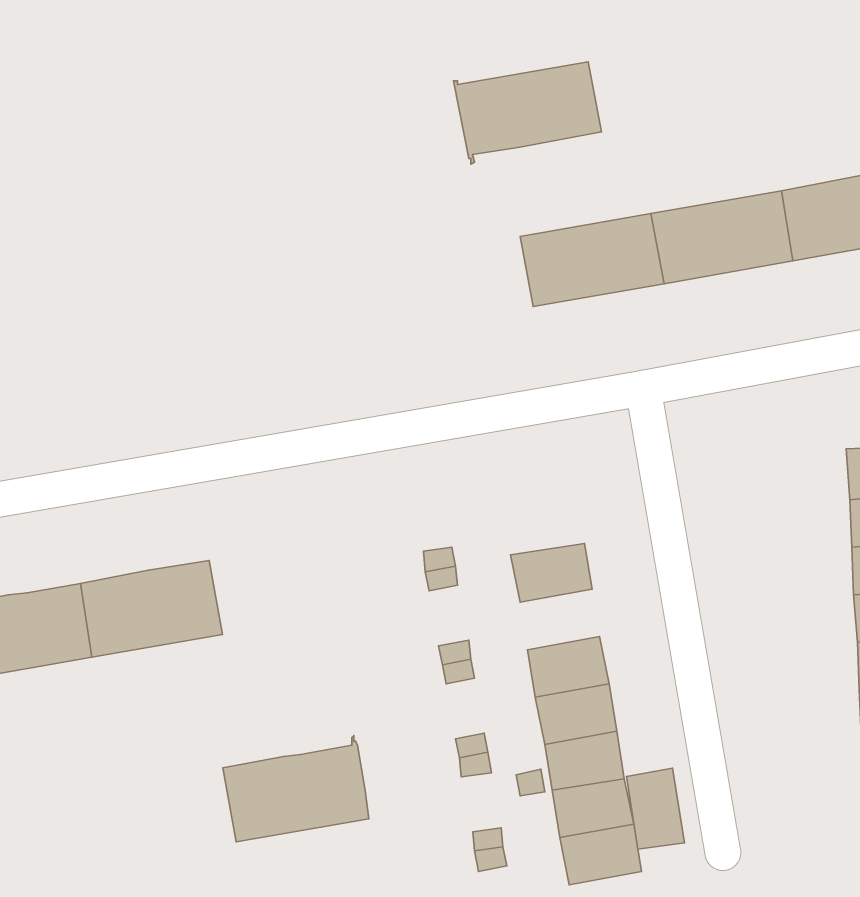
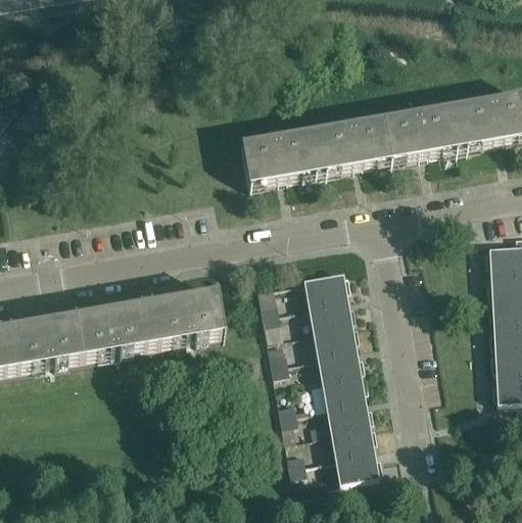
building: [454,62,601,164] -> [240,128,320,183]
building: none -> [303,268,347,299]
building: none -> [313,318,355,350]
building: [223,736,369,842] -> [145,285,224,342]
building: [626,768,684,849] -> none

